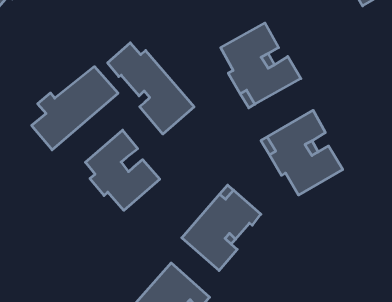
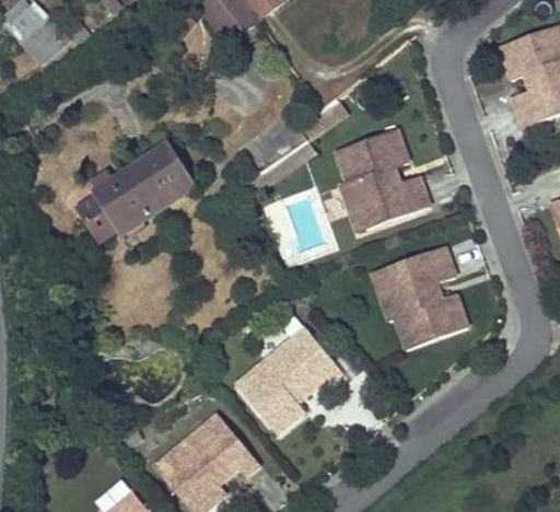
building: [108,43,194,134] -> none
building: [85,130,160,210] -> none

